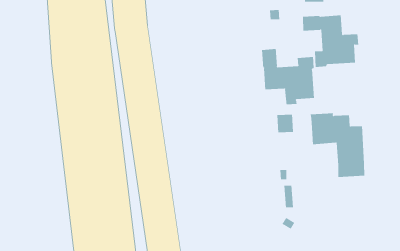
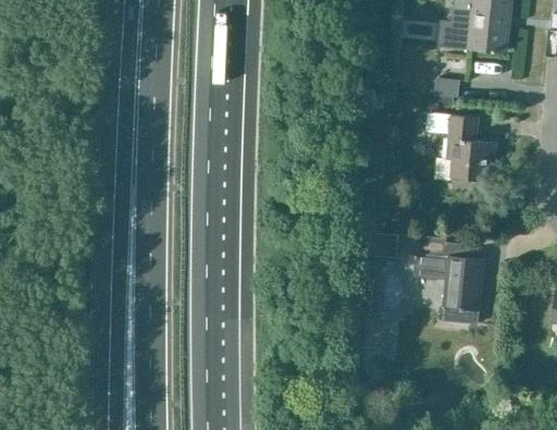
building: [261,48,314,105] -> none

